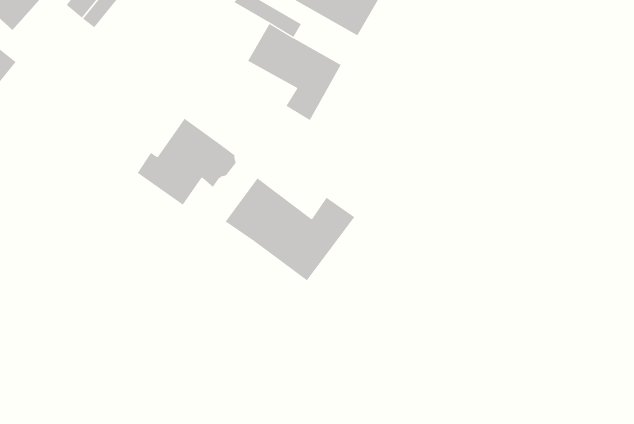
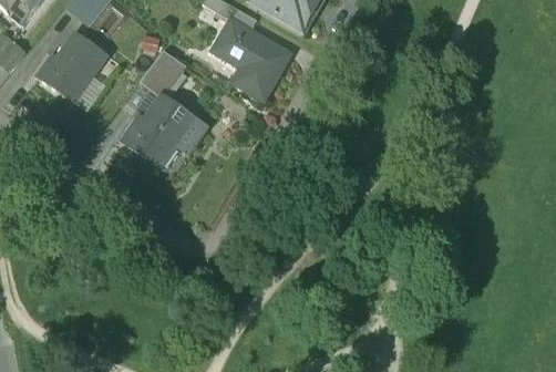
building: none -> [34,32,106,102]
building: none -> [138,51,181,97]
building: [225,177,355,281] -> none

